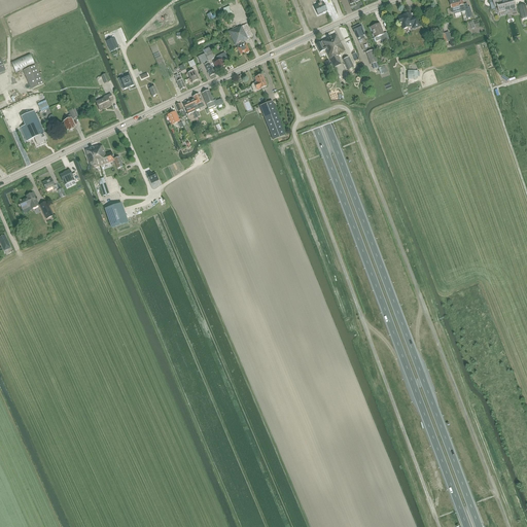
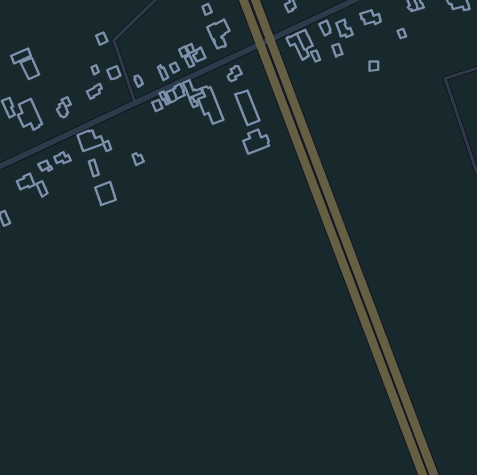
building: none -> [198,86,223,124]
building: none -> [243,129,269,154]

